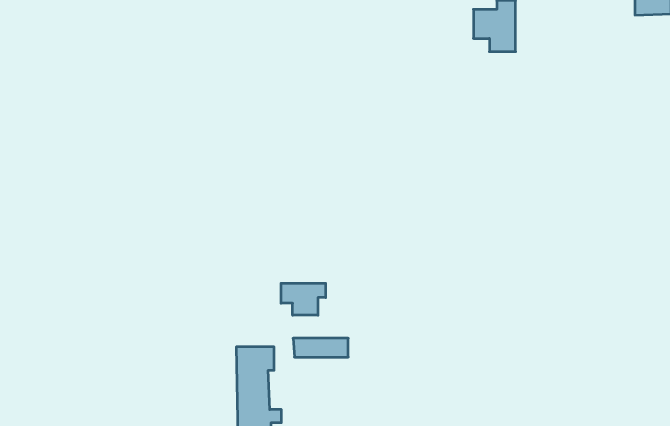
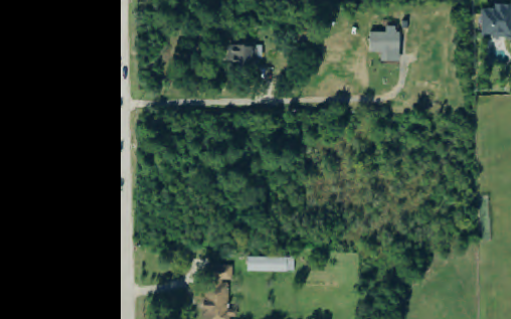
building: none -> [227,43,263,63]
building: [281,283,326,315] -> none

